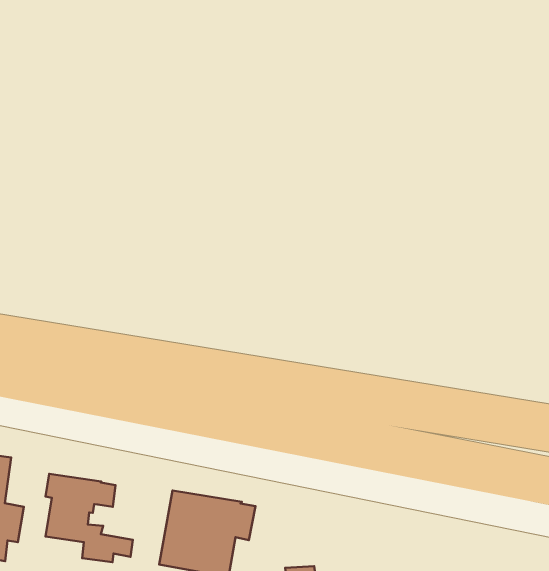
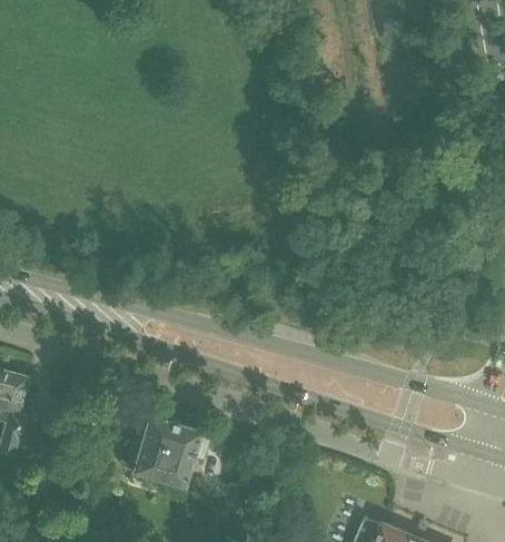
building: [45,474,133,562] -> none

